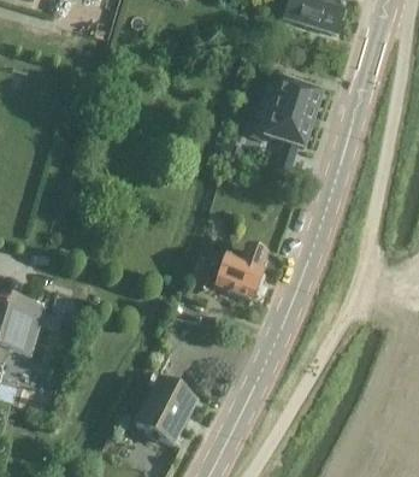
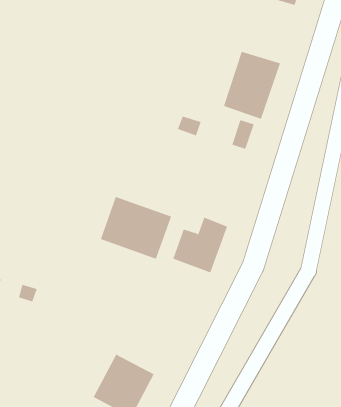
building: none -> [100,196,172,260]

